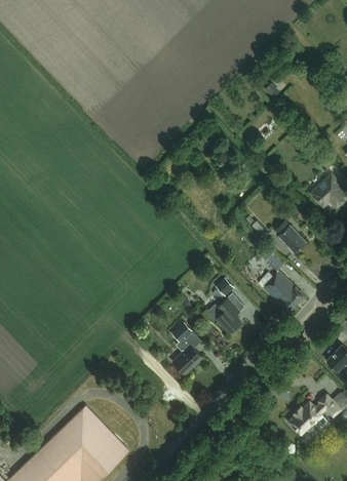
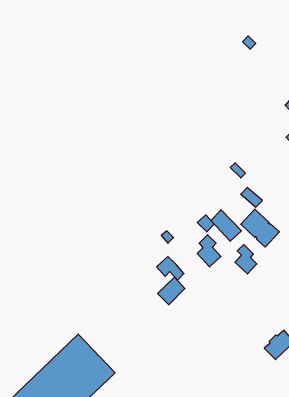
building: [274,222,306,253] -> none
building: none -> [211,210,241,241]
building: none -> [235,245,257,274]

